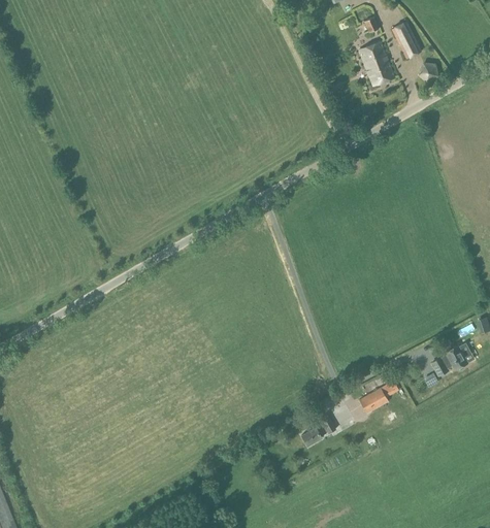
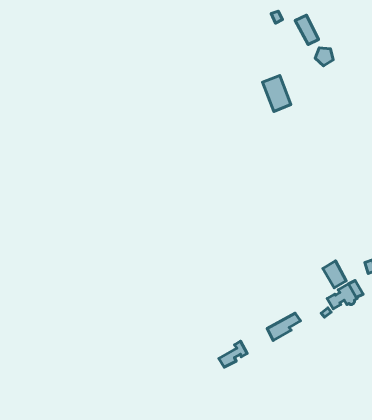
building: [359,42,393,86] -> [263,75,291,111]
building: none -> [323,261,346,288]

